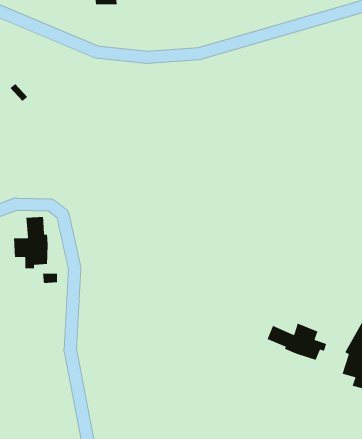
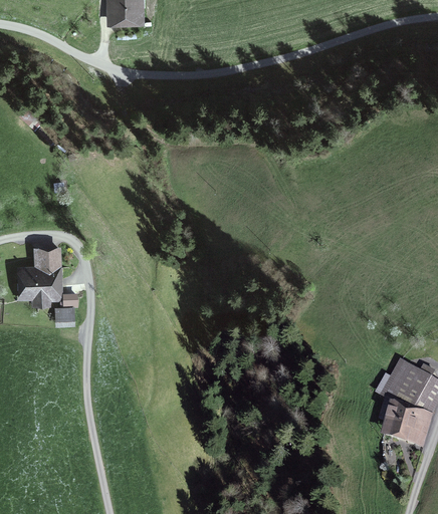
building: [267,323,327,361] -> none

